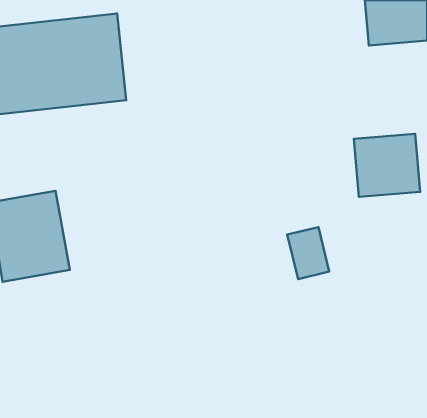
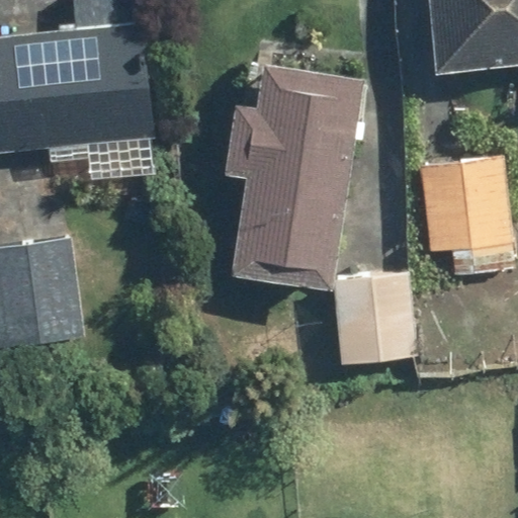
building: none -> [242,74,358,281]

